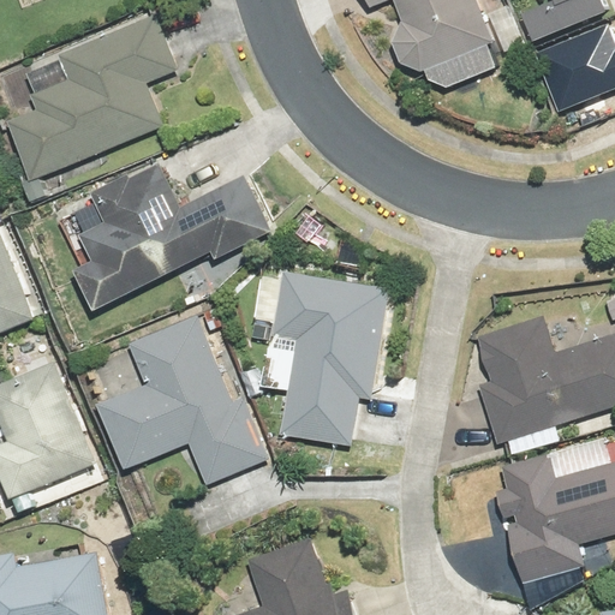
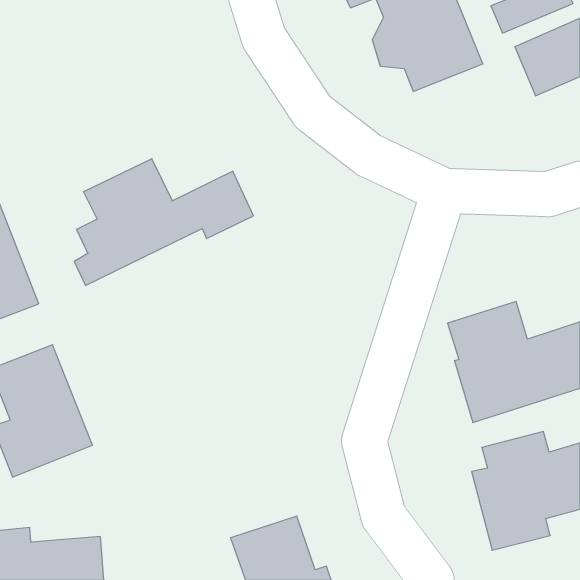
building: [8,22,175,175] -> none
building: [271,269,382,447] -> none
building: [102,309,259,480] -> none

